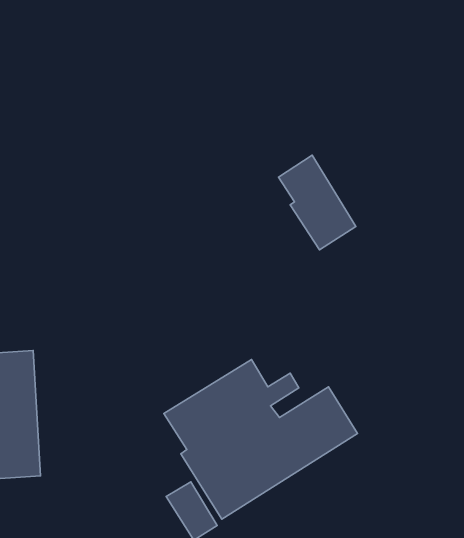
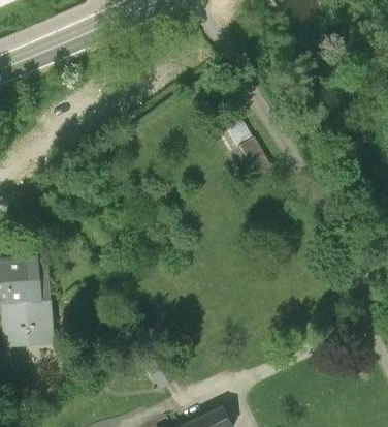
building: [164,360,358,519] -> none

